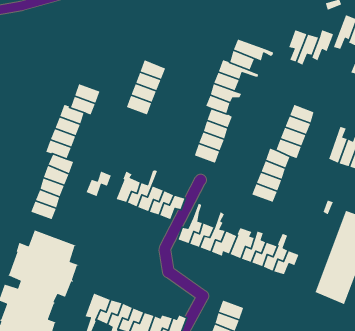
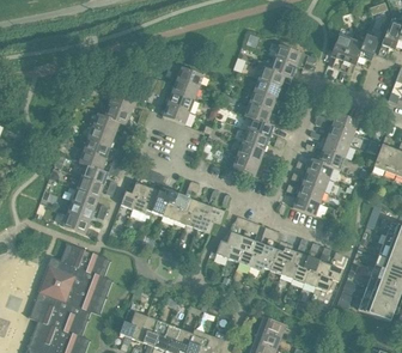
building: none -> [129,185,159,219]

